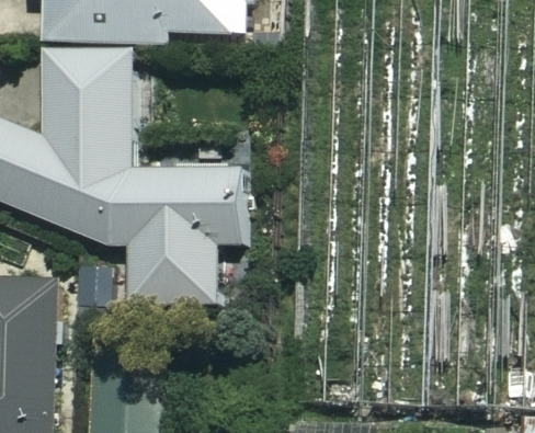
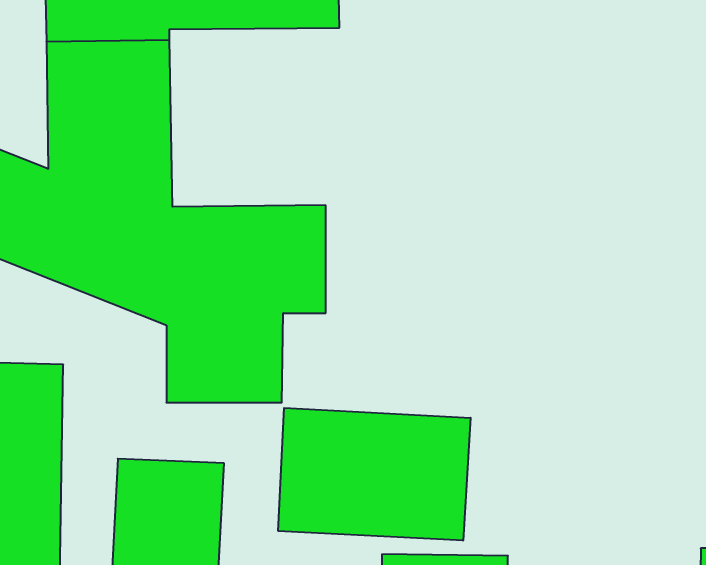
building: none -> [278,408,471,541]

